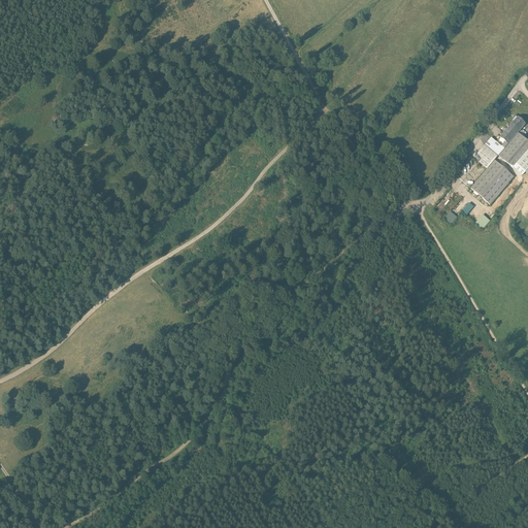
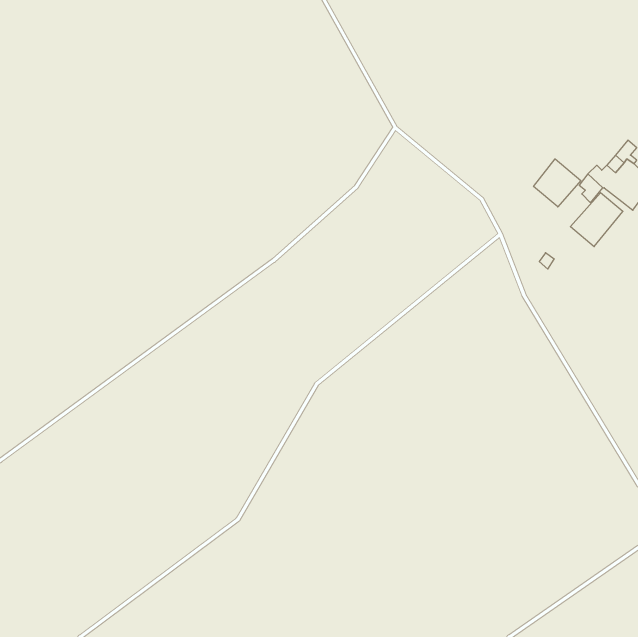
building: none -> [534,159,581,207]

